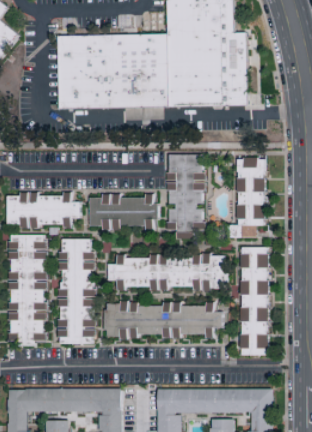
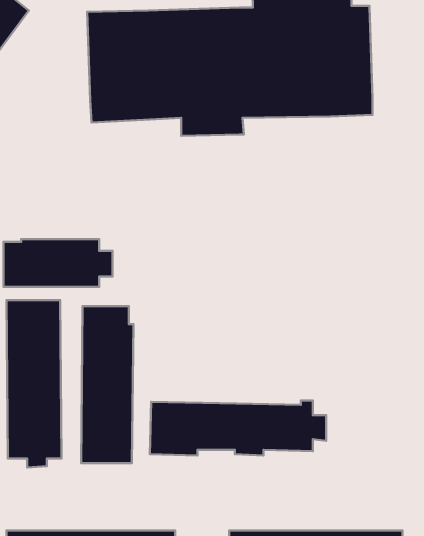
building: [166,153,203,230] -> none
building: [233,157,264,237] -> none
building: [89,193,158,229] -> none
building: [239,246,268,355] -> none
building: [107,253,226,290] -> none

